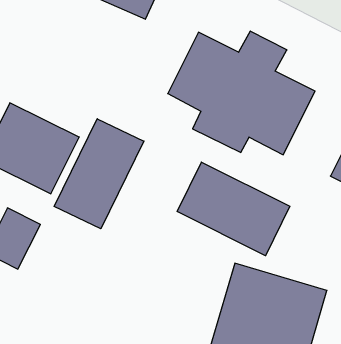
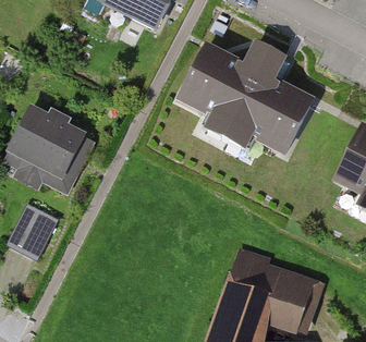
building: [54,119,144,229] -> none
building: [177,162,290,256] -> none

